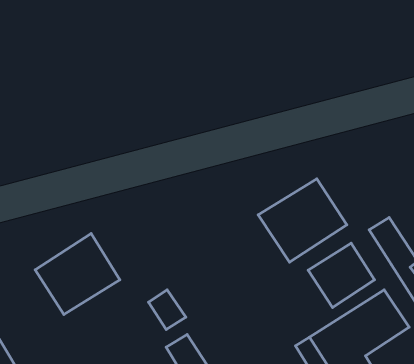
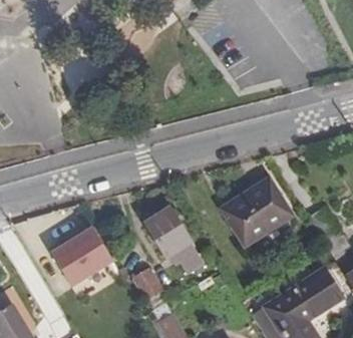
building: none -> [146,208,192,257]
building: [308,243,375,307] -> none

